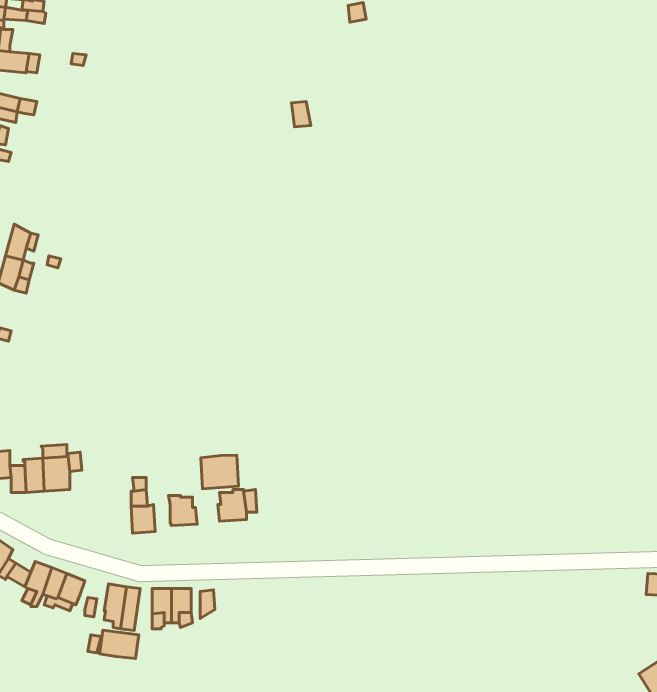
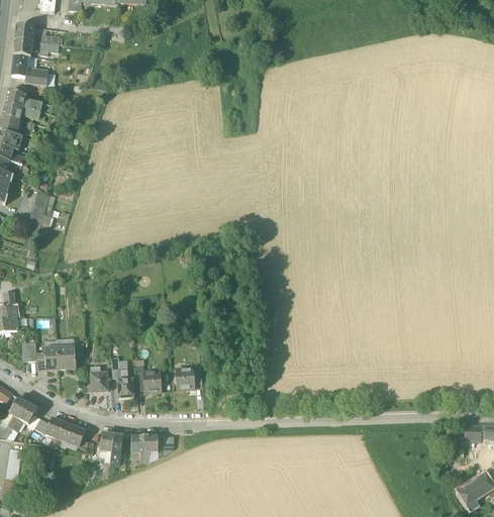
building: [201,455,239,489] -> none
building: none -> [89,366,108,392]
building: [100,630,139,658] -> none

